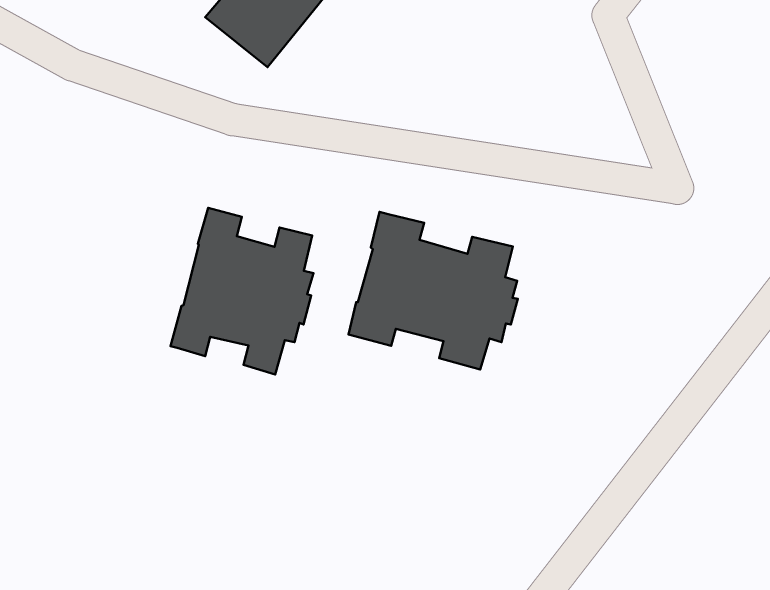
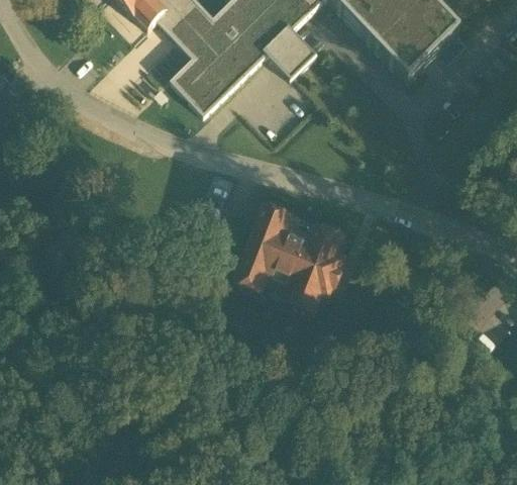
building: [170,208,313,375] -> none

